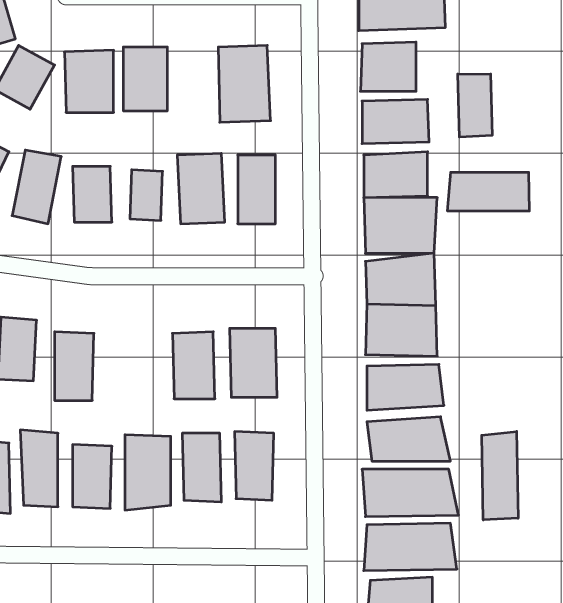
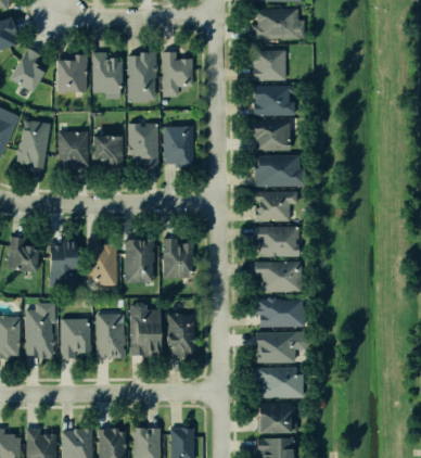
building: none -> [130,52,157,103]
building: [458,74,492,137] -> none
building: [448,172,529,211] -> none
building: none -> [88,240,117,289]
building: [482,431,518,520] -> none

